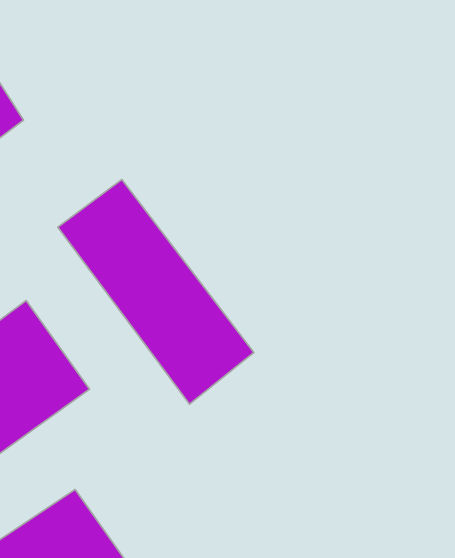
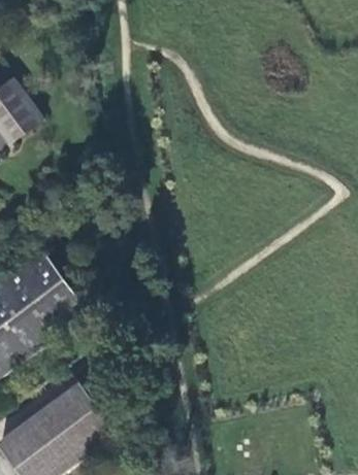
building: [58,180,254,404] -> none

